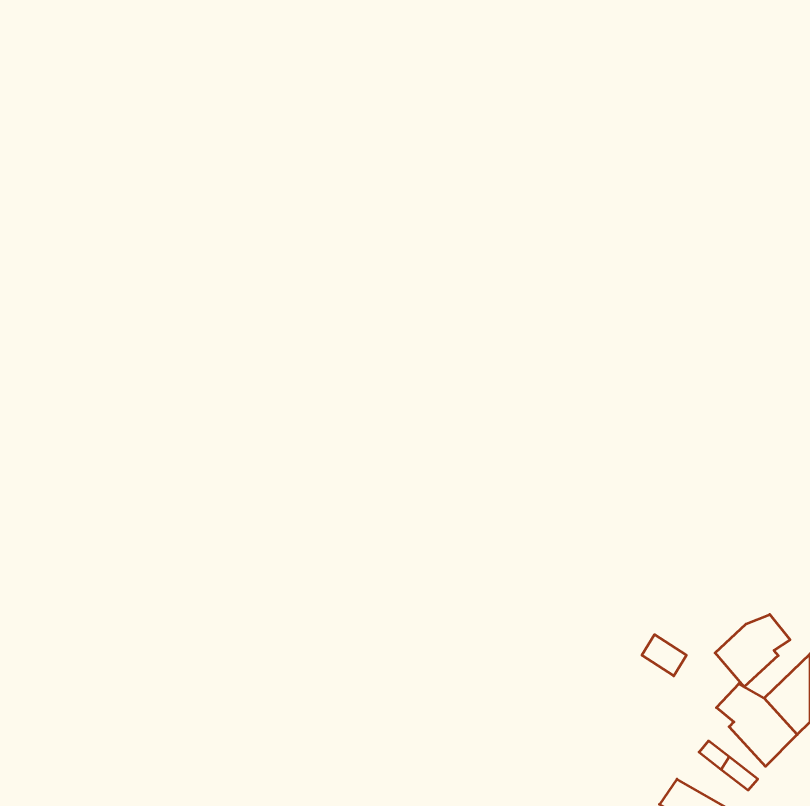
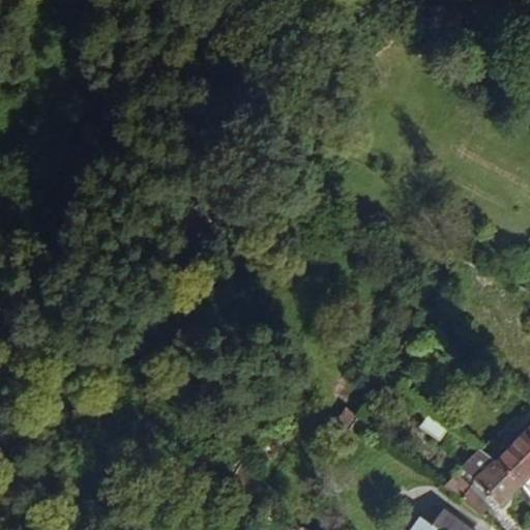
building: [715,614,790,687] -> none

